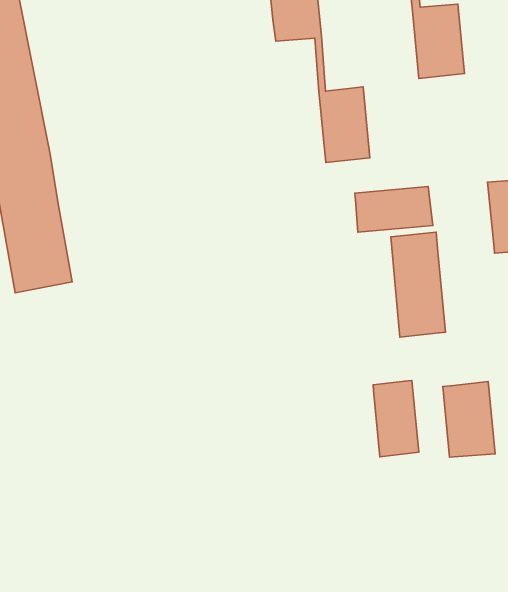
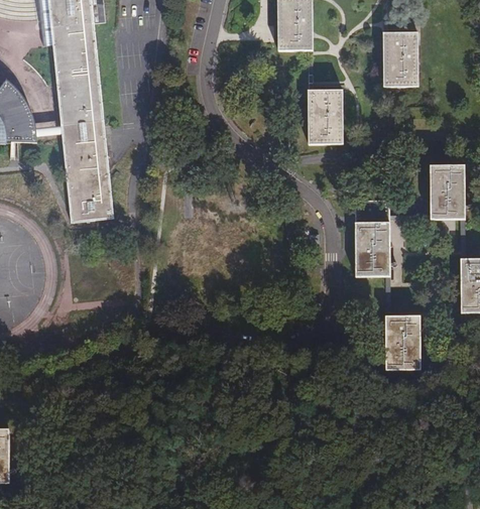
building: [355,186,433,232] -> none
building: [373,380,419,457] -> none

